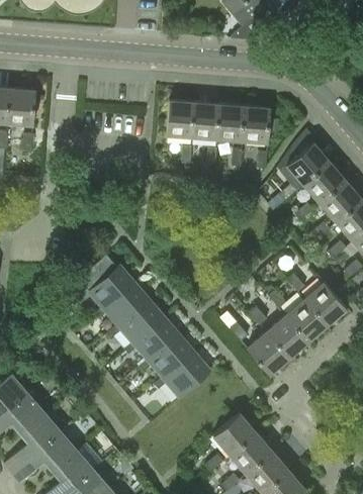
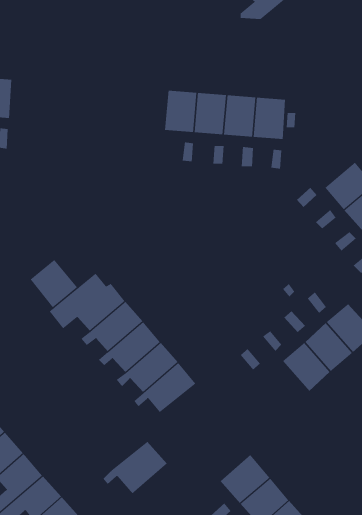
building: [286,142,329,184] -> none
building: none -> [30,259,78,308]
building: [247,332,289,375] -> none
building: [154,352,209,397] -> [103,441,167,494]

